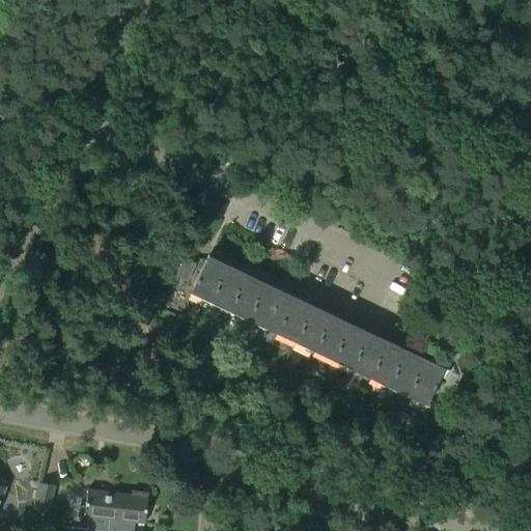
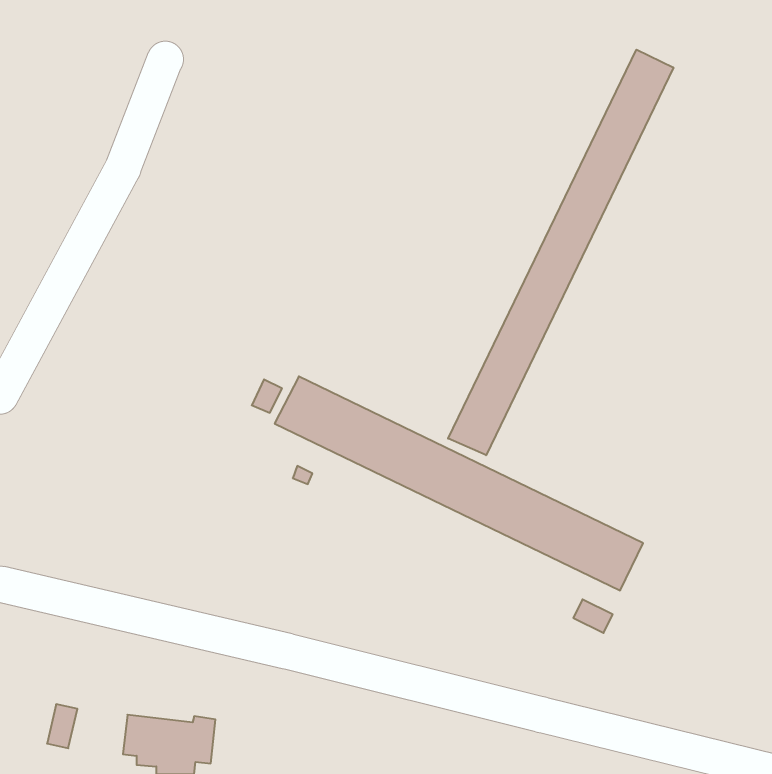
building: none -> [448,50,673,455]

